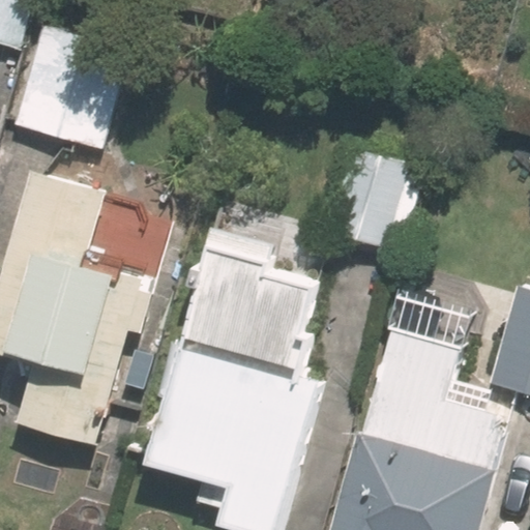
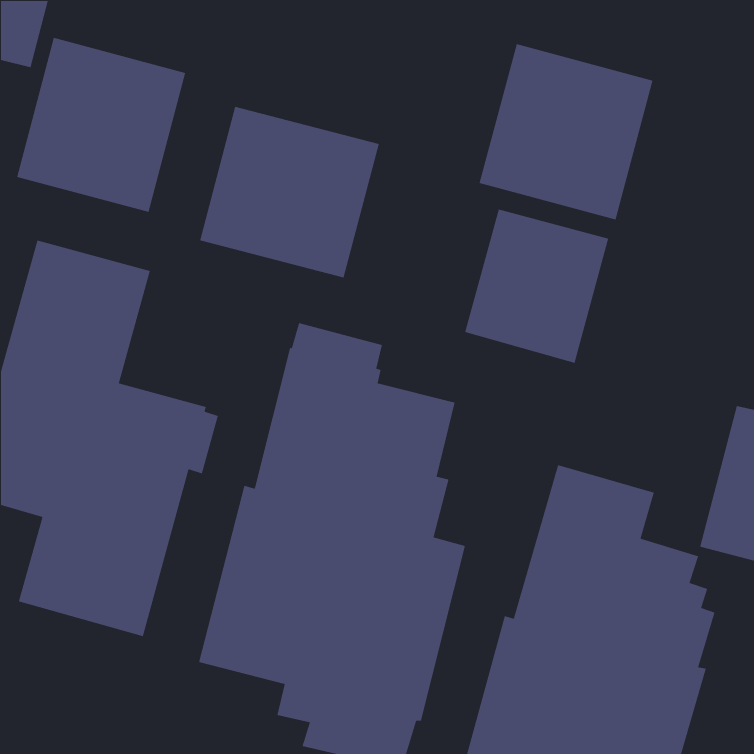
building: none -> [479,43,654,221]
building: none -> [199,106,380,278]

